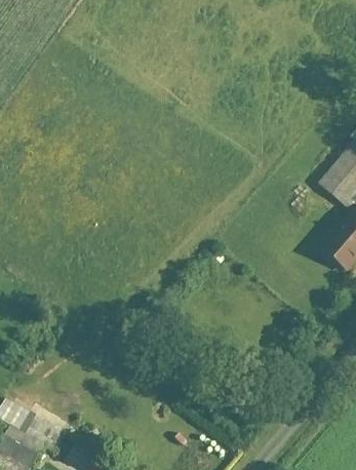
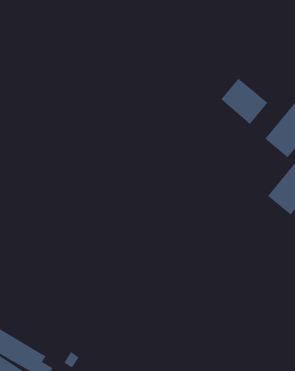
building: none -> [221,78,268,125]

